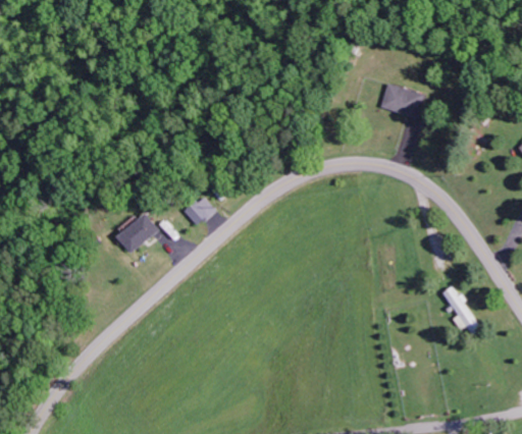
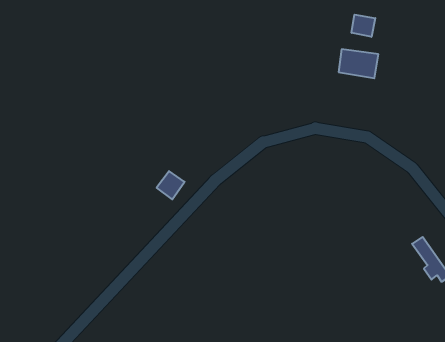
building: none -> [352,15,375,37]
building: [116,213,159,253] -> none

